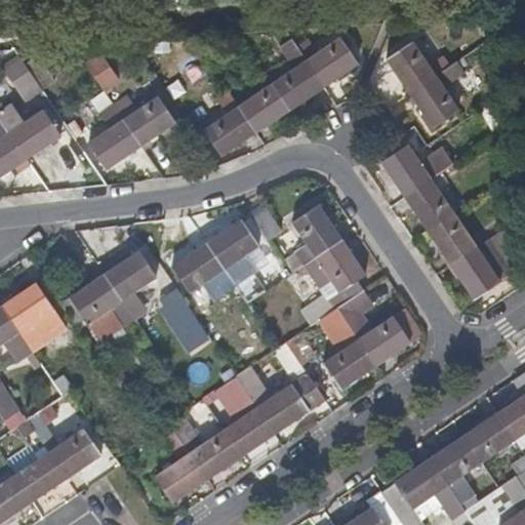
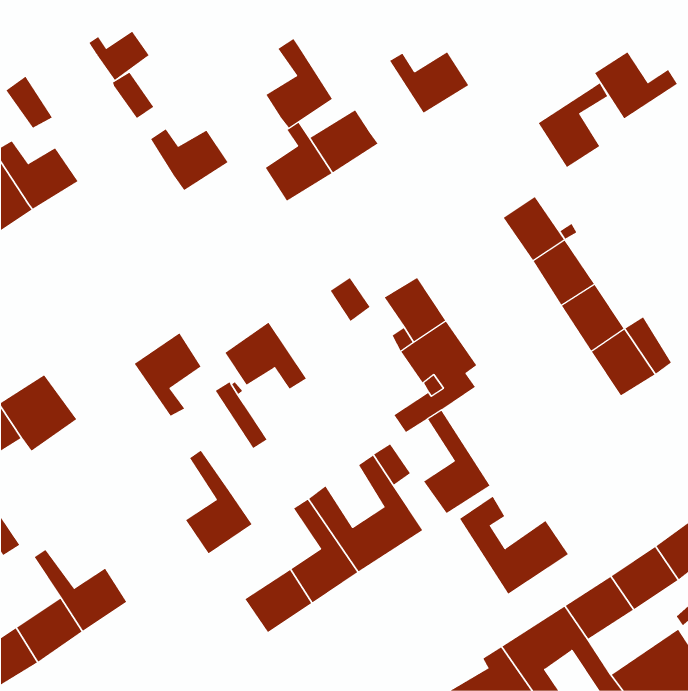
building: none -> [88,31,150,81]
building: [272,40,323,109] -> [265,38,333,129]
building: [388,42,451,93] -> [594,51,678,119]
building: [90,106,142,167] -> none
building: [206,223,256,287] -> none
building: [70,275,133,325] -> none
building: [337,293,420,368] -> [459,496,569,595]
building: [154,423,205,502] -> [185,450,253,554]

